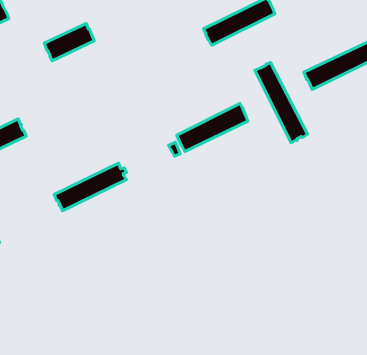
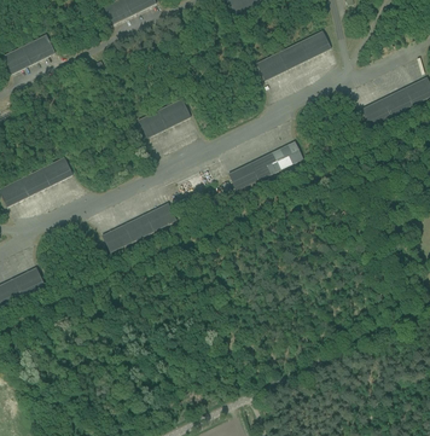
building: [44,23,94,61] -> [138,98,190,136]
building: [255,62,308,143] -> none

